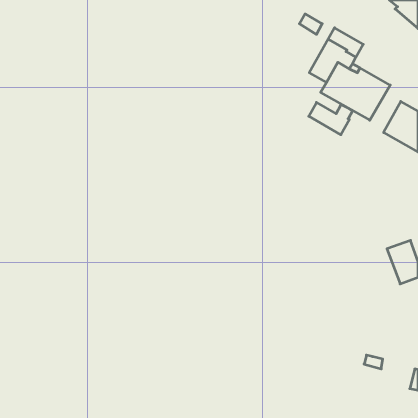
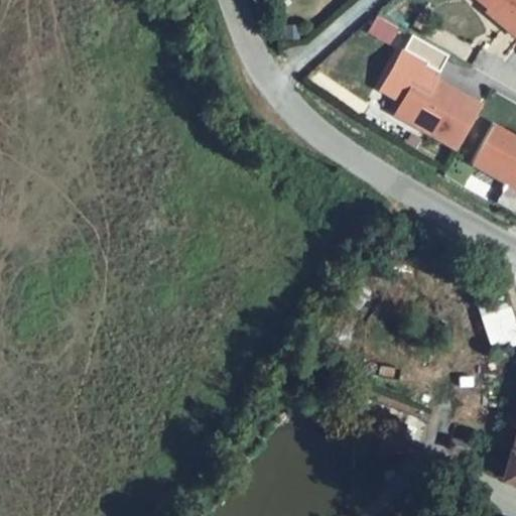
building: [309,102,352,135] -> none

